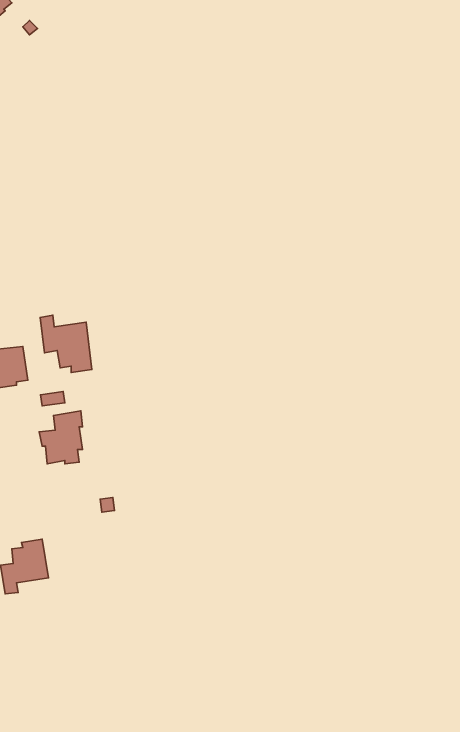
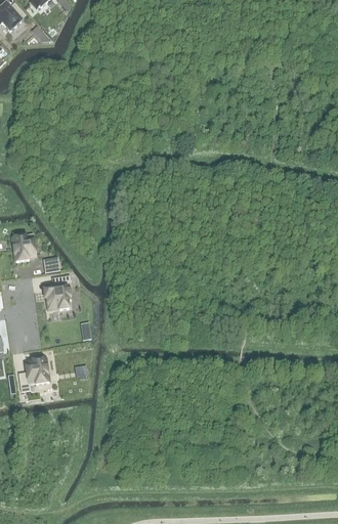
building: [40,315,92,372] -> none

